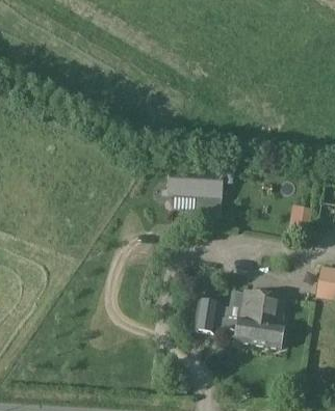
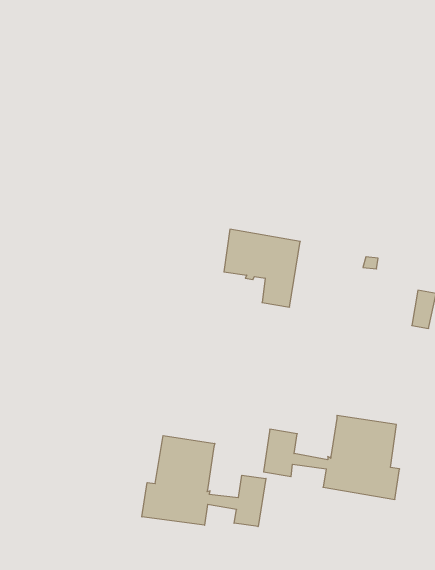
building: none -> [142,436,266,527]

